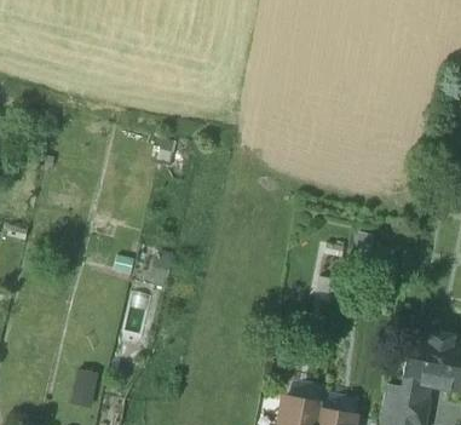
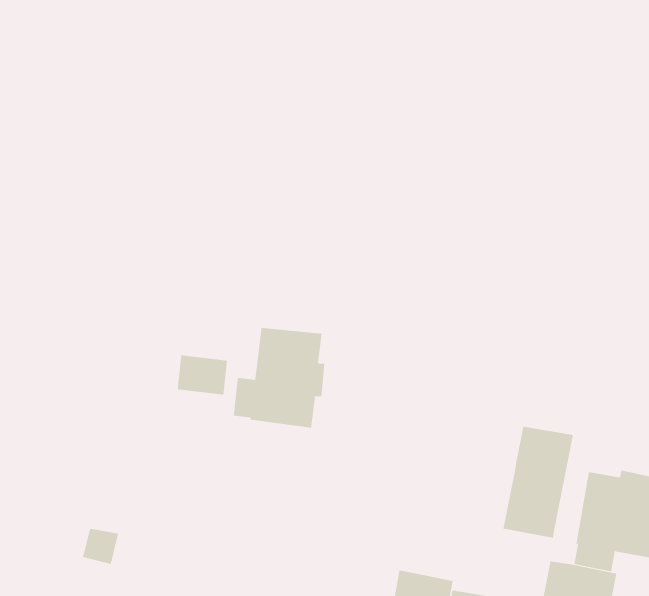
building: none -> [233,327,325,428]
building: none -> [503,425,573,538]

